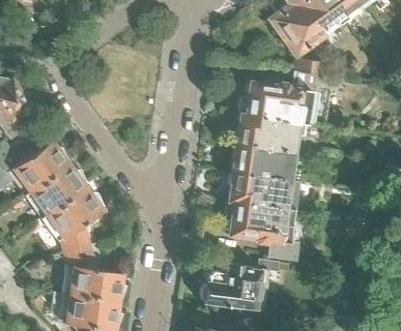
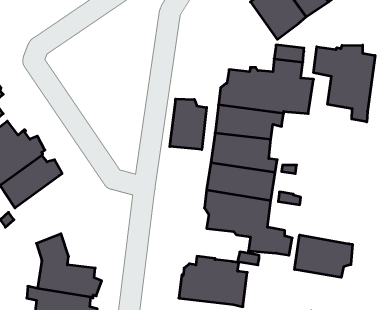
building: none -> [314,45,375,122]
building: none -> [170,99,207,150]
building: [44,186,105,251] -> none
building: none -> [295,235,352,277]

